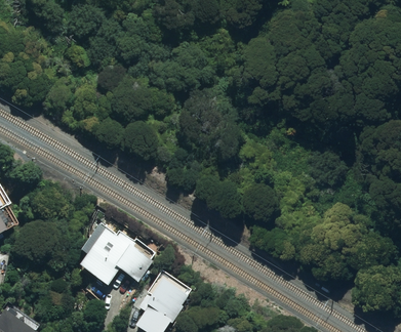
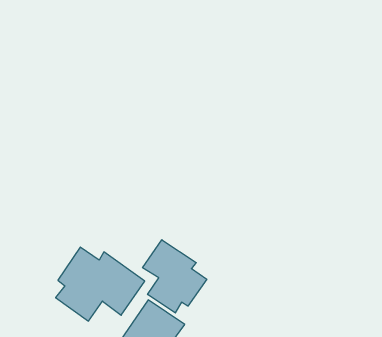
building: none -> [143,240,207,313]

